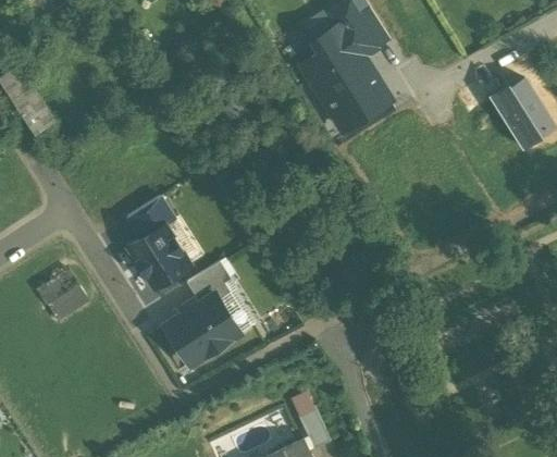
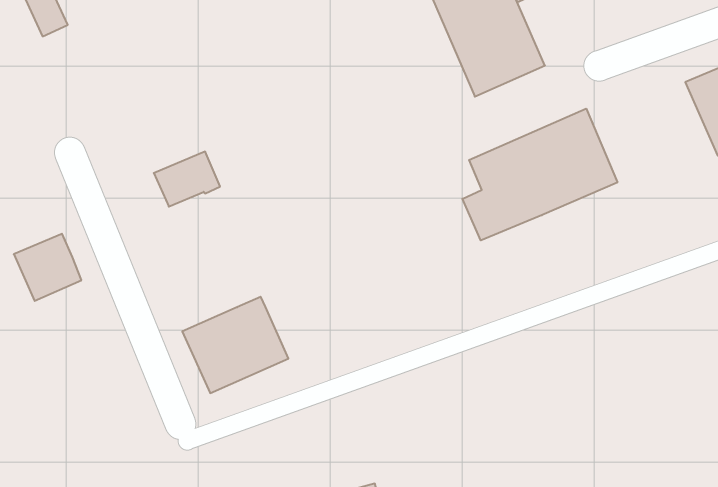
building: none -> [462,109,617,240]
building: [129,224,190,286] -> none
building: [187,261,232,301] -> none

